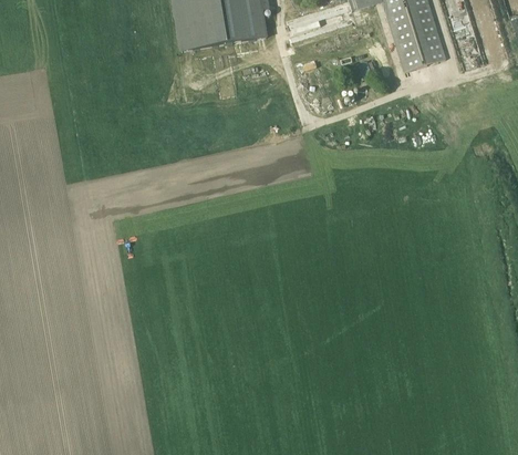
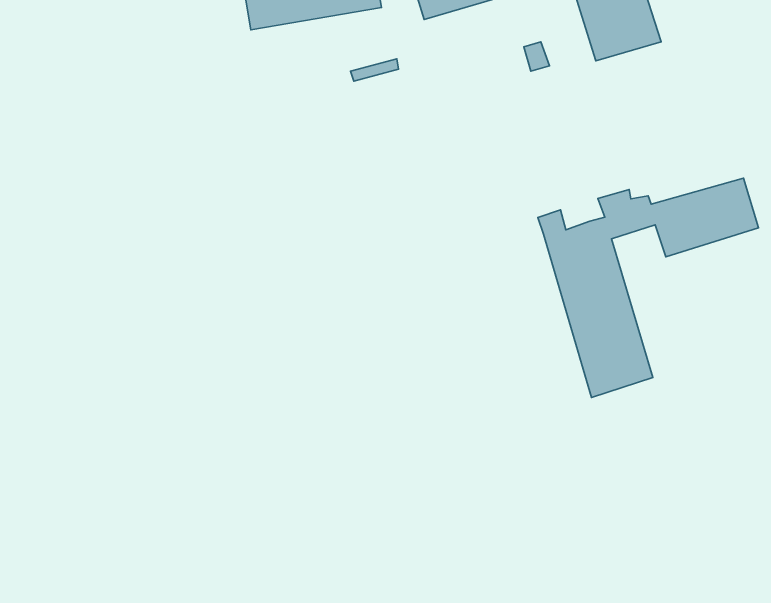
building: none -> [538,178,759,397]

